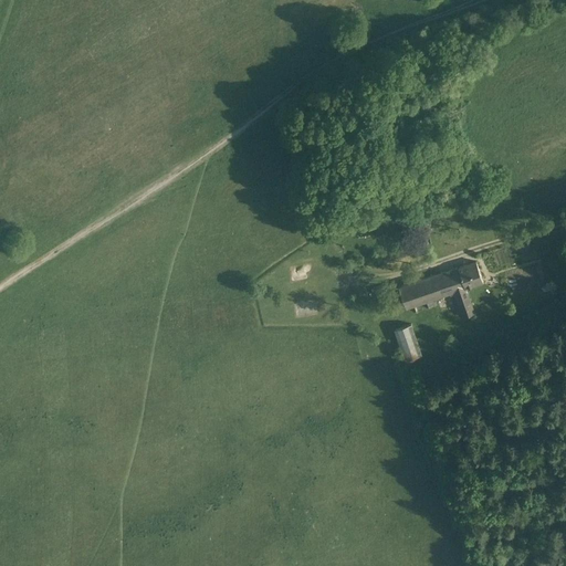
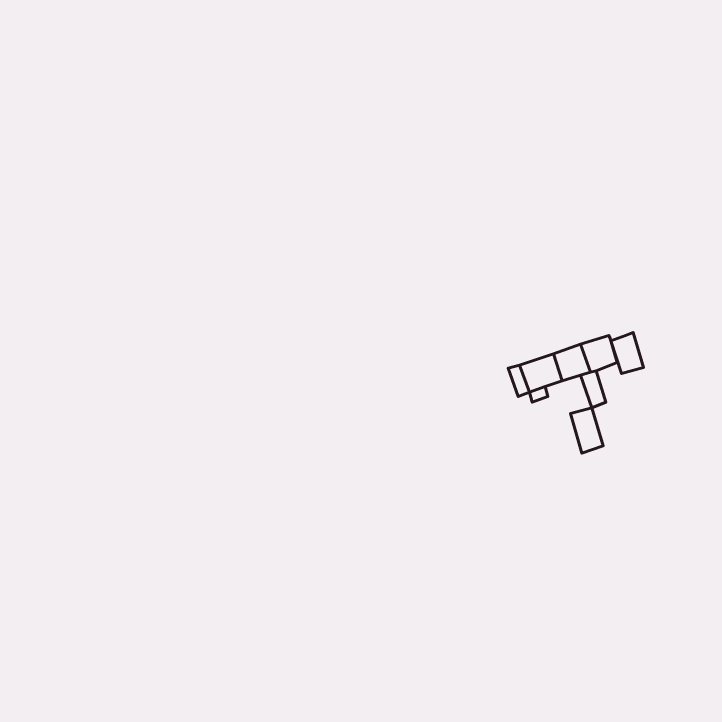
building: none -> [611,332,644,373]
building: [394,327,419,363] -> [571,408,603,453]

